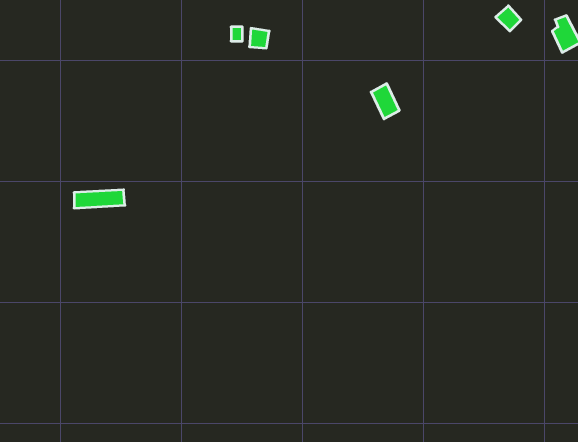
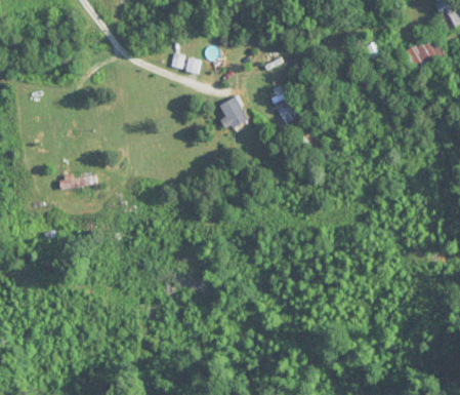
building: none -> [217,95,247,128]

